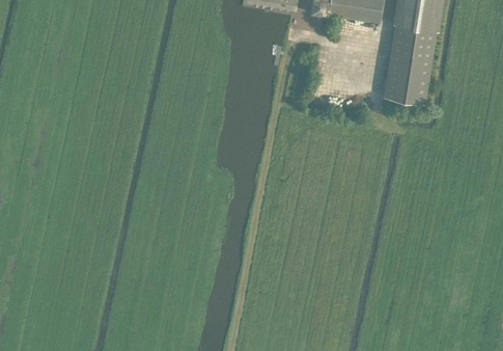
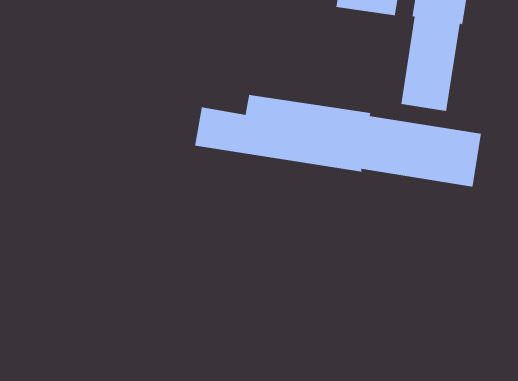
building: none -> [195,94,481,187]

